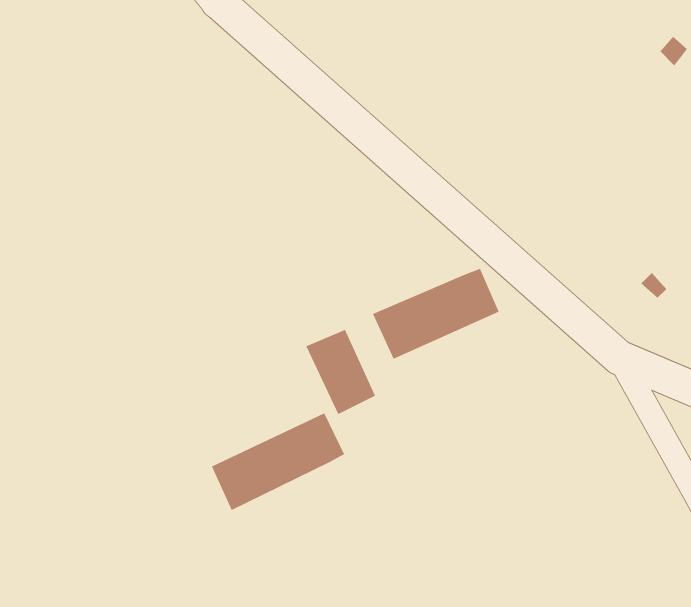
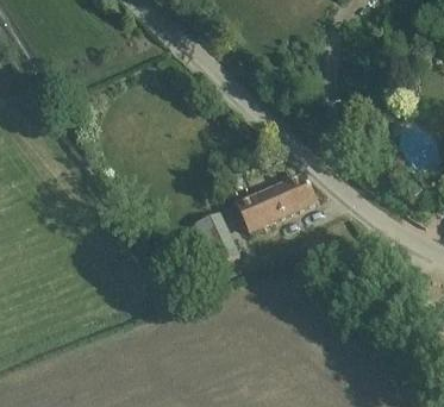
building: [211,413,345,511] -> none

